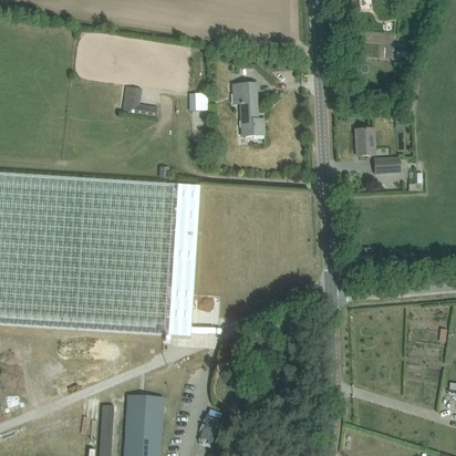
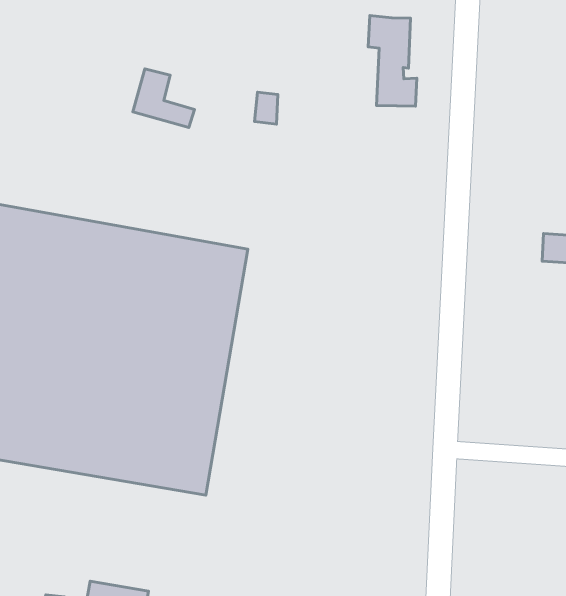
building: [231,82,265,136] -> [368,15,417,106]
building: [355,128,375,155] -> none

